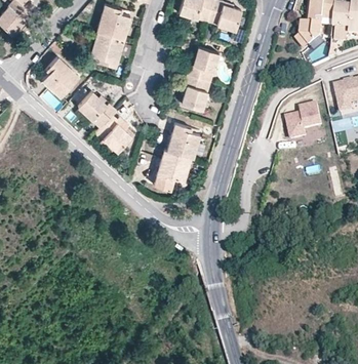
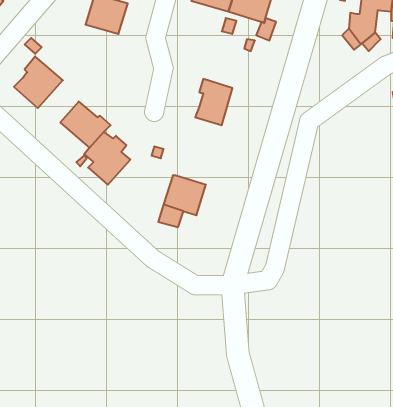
building: [90,32,122,66] -> none
building: [188,47,220,81] -> none
building: [285,104,321,139] -> none
building: [166,122,199,157] -> none

